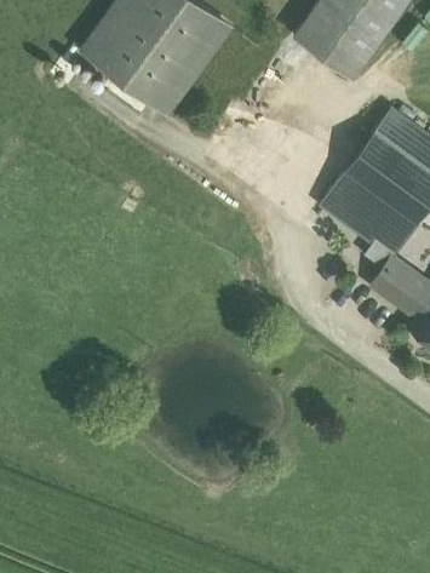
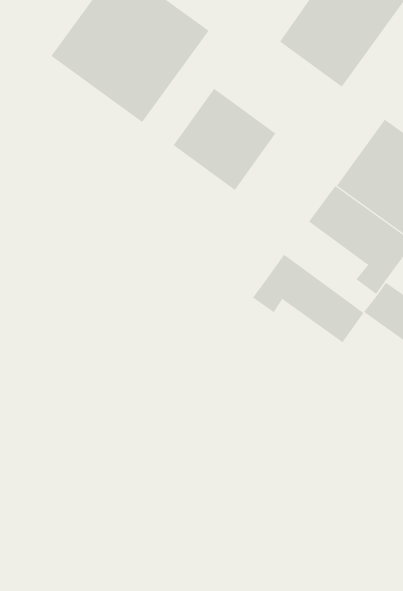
building: none -> [173,88,276,191]
building: none -> [252,254,364,343]

